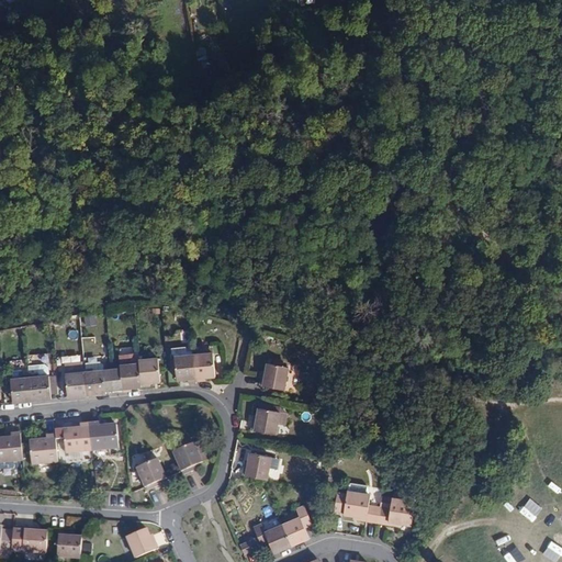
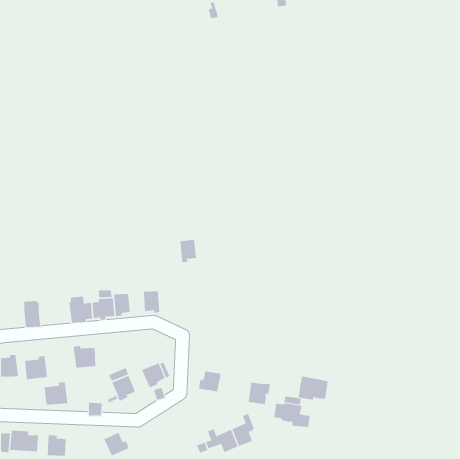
building: [193,352,214,381] -> [180,239,197,263]
building: [259,362,286,389] -> none
building: [64,363,87,396] -> none
building: [10,376,31,402] -> none
building: [250,407,279,434] -> none
building: [63,423,92,451] -> [44,382,68,405]
building: none -> [248,382,270,405]
building: [376,495,414,525] -> [298,376,328,400]

